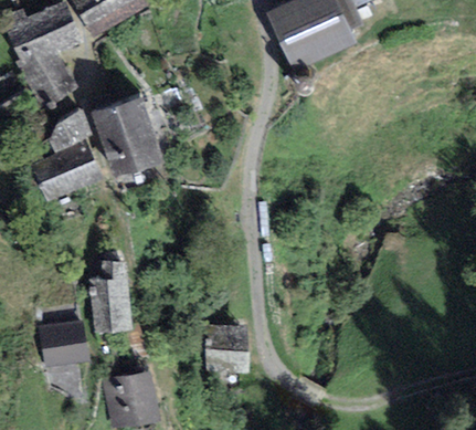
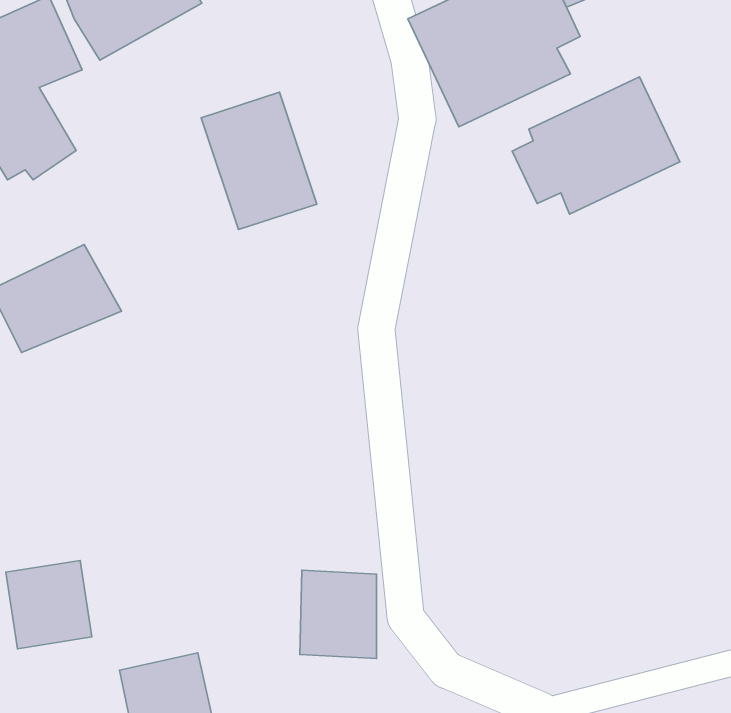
building: none -> [512,77,680,214]
building: [95,98,160,176] -> [201,92,317,230]
building: [49,109,92,154] -> none
building: [87,260,131,335] -> none

